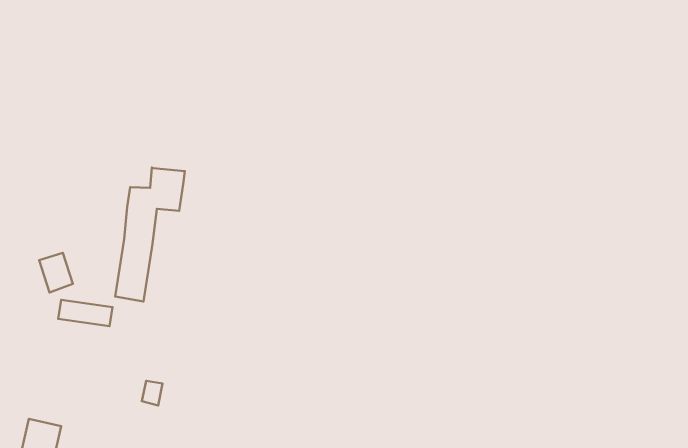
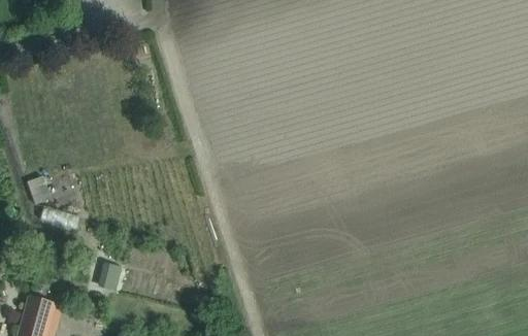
building: [115,168,185,302] -> none

